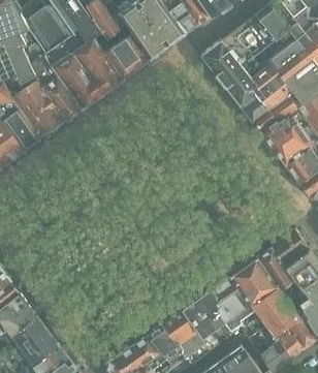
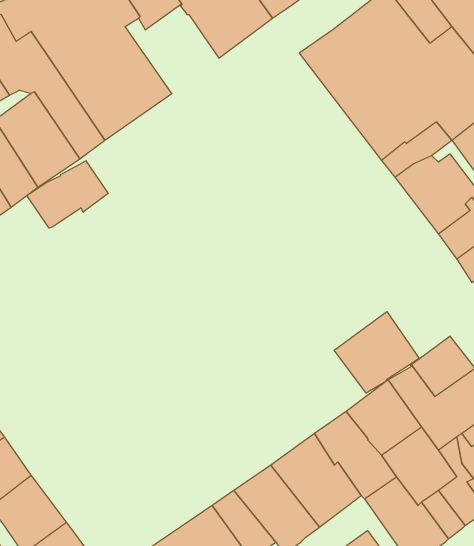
building: [103,32,152,81] -> none
building: none -> [27,161,108,228]
building: none -> [334,312,419,393]

